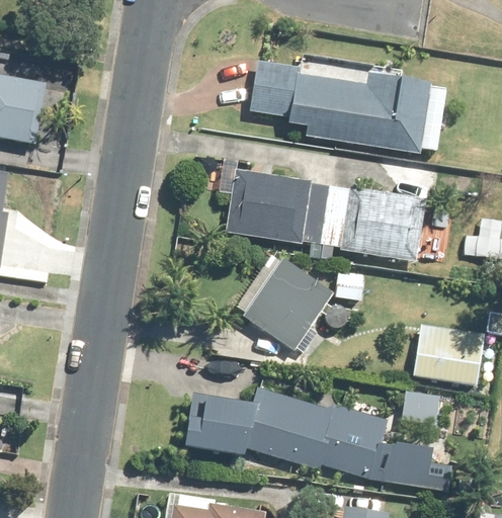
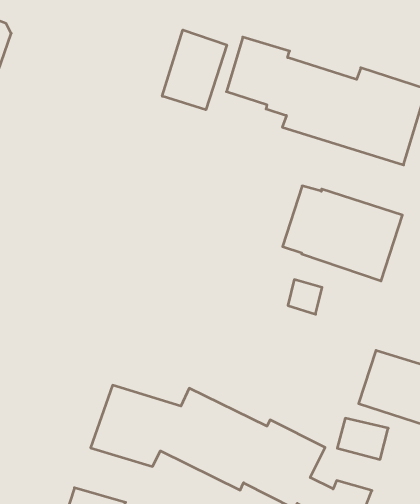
building: none -> [162,30,227,110]
building: [225,168,331,244] -> none
building: [239,255,333,354] -> none

